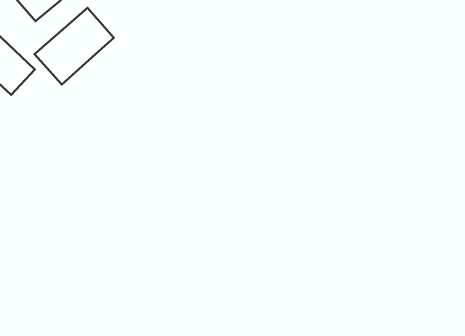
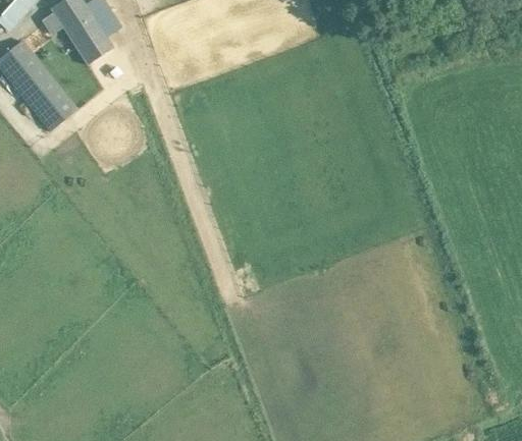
building: [34,8,114,84] -> none

